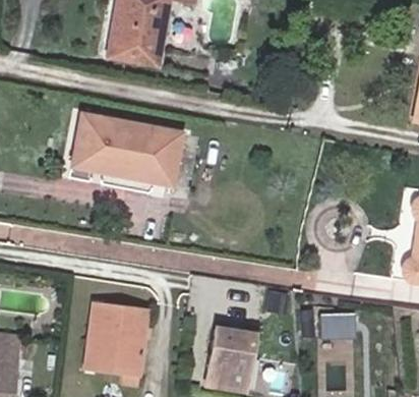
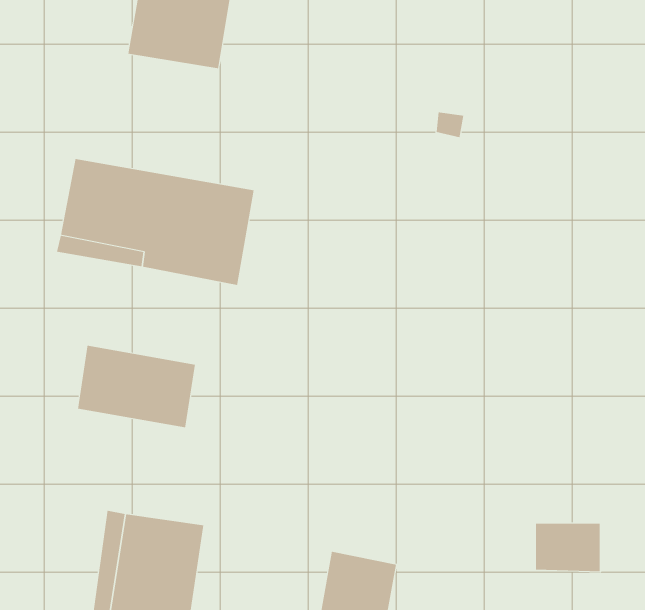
building: none -> [77,345,195,428]

